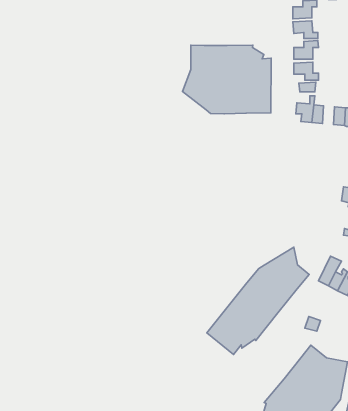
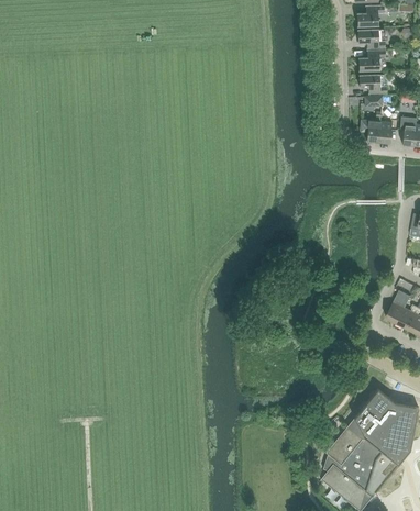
building: [182,45,271,114] -> none
building: [207,247,309,355] -> none

